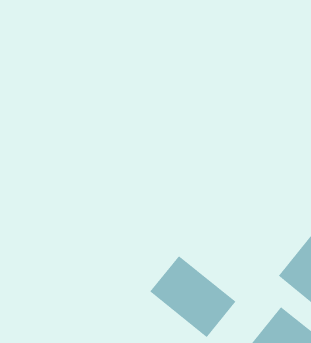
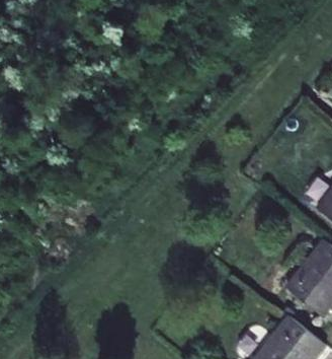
building: [149,255,237,338] -> none

